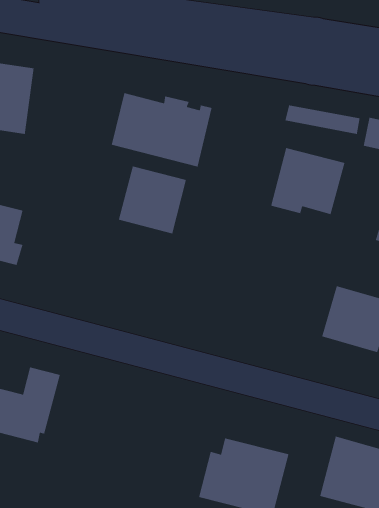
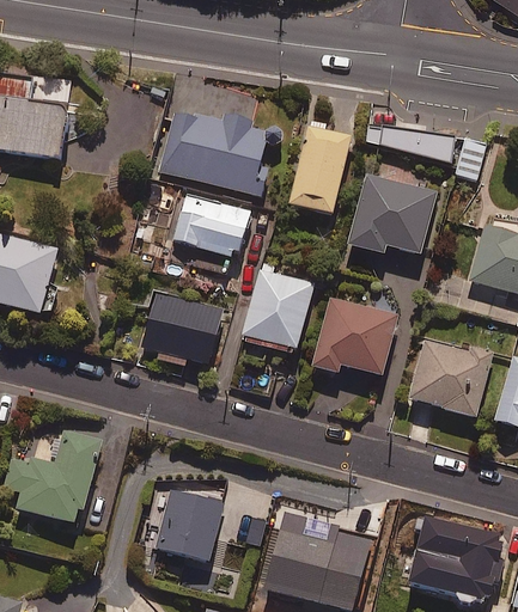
building: none -> [290,126,351,212]
building: none -> [240,262,313,350]
building: none -> [140,293,221,366]
building: none -> [310,295,397,374]
building: none -> [154,486,225,561]

